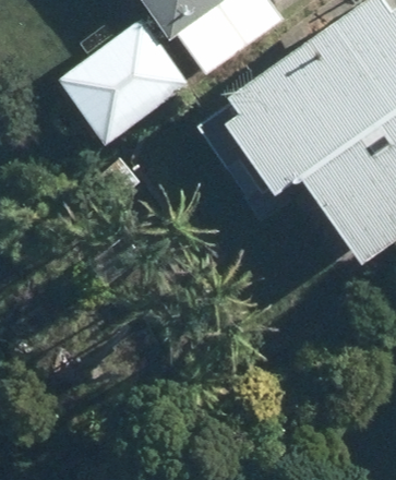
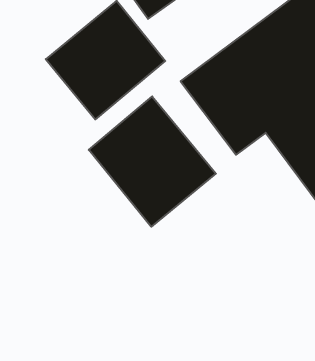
building: none -> [89,96,216,227]

